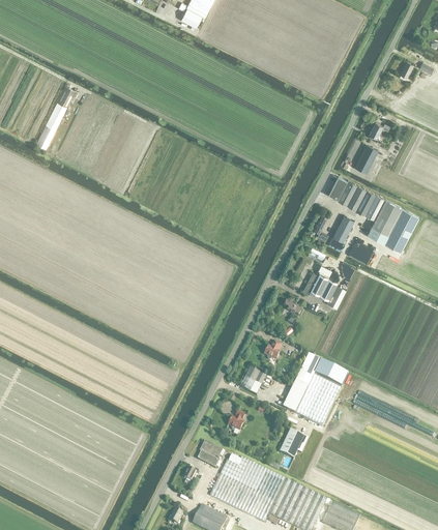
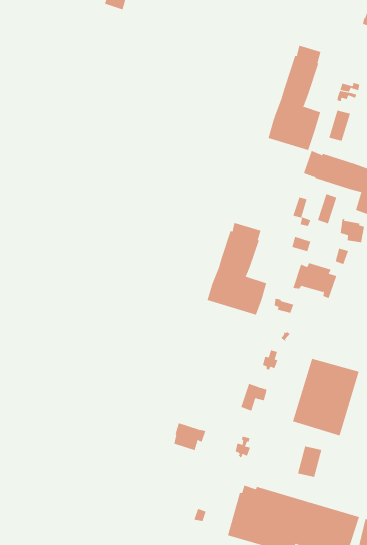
building: none -> [268,45,321,151]
building: none -> [207,222,267,316]
building: [198,441,228,468] -> [173,422,206,451]

